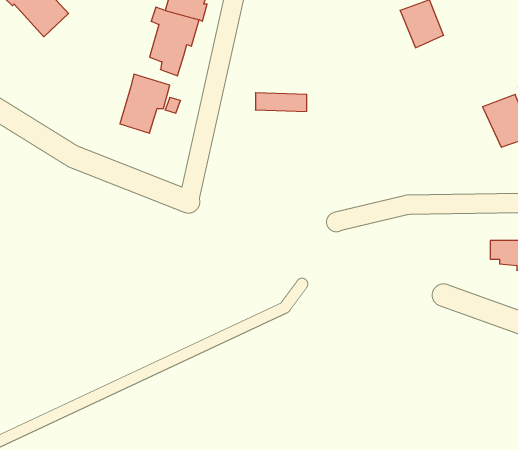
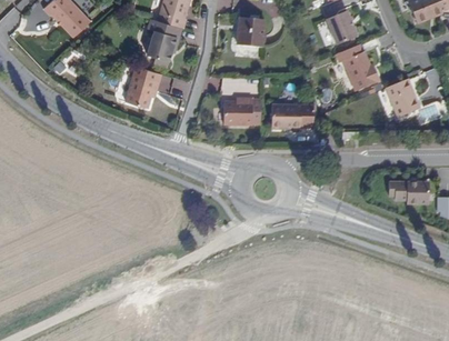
building: none -> [238,16,265,46]
building: none -> [336,43,380,89]
building: none -> [225,97,252,123]
building: none -> [271,104,313,128]

